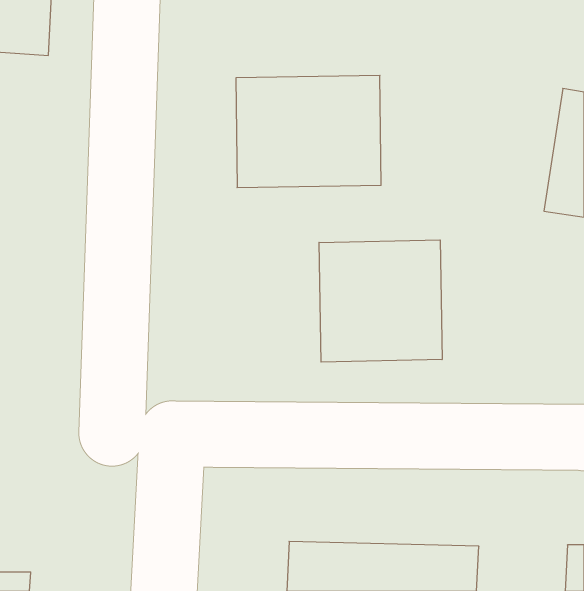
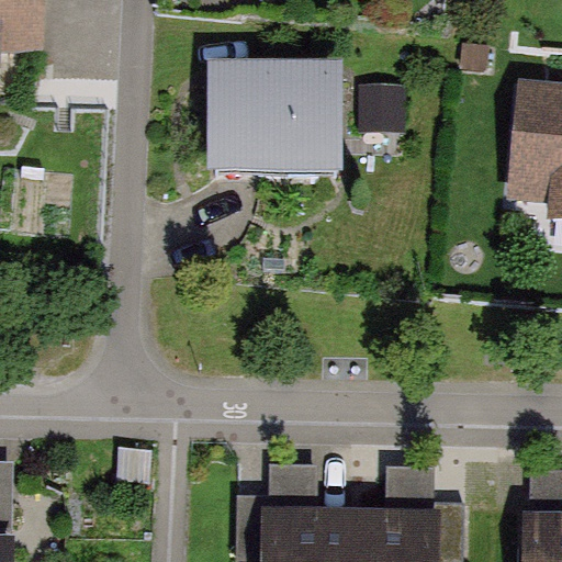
building: [319,240,442,362] -> none

